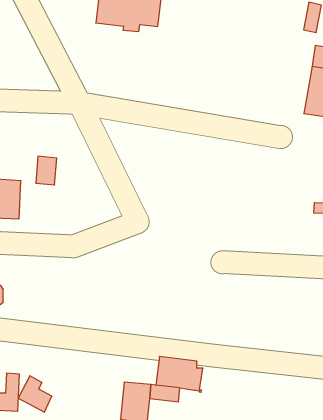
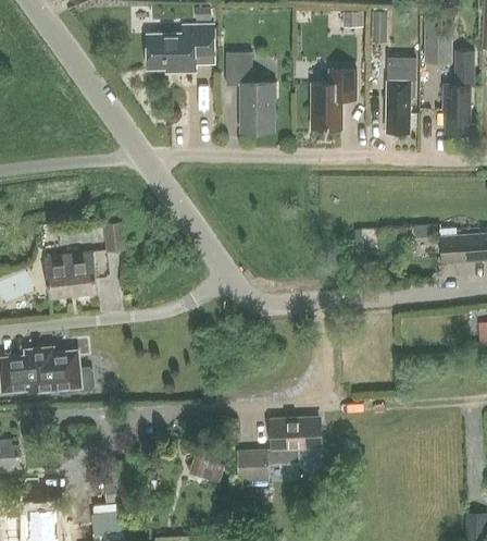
building: none -> [225,53,276,128]
building: none -> [311,70,355,130]
building: [18,376,52,412] -> [188,446,224,483]

